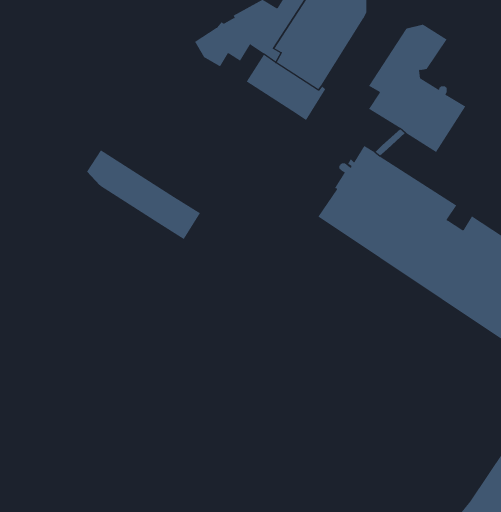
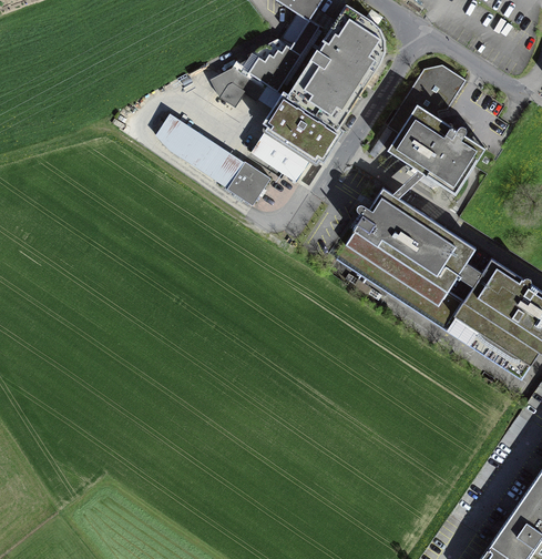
building: none -> [249,126,314,183]
building: [86,150,201,240] -> [158,114,274,205]

